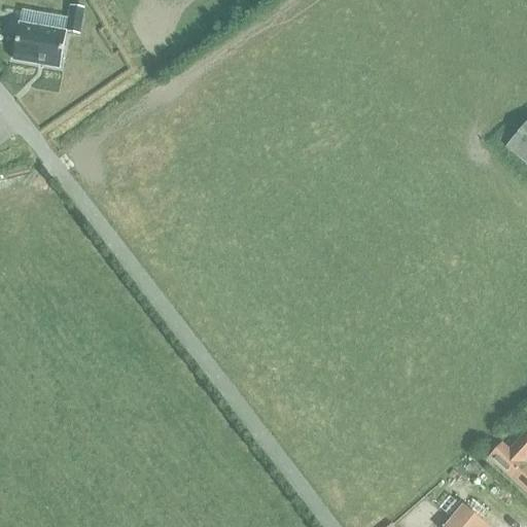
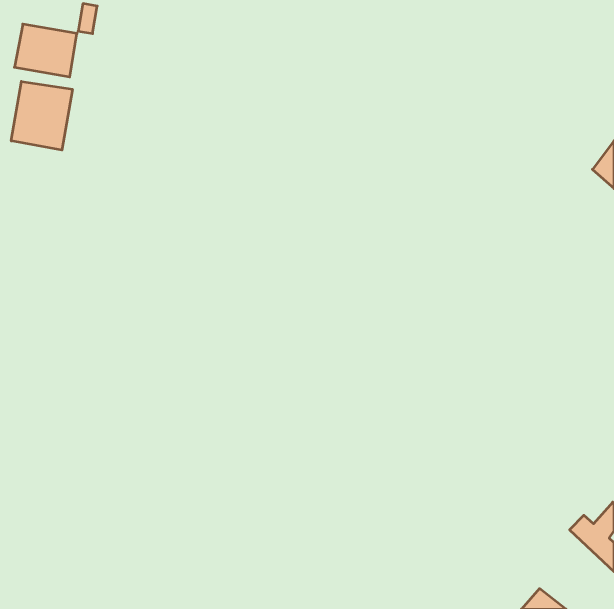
building: none -> [11,81,72,150]

